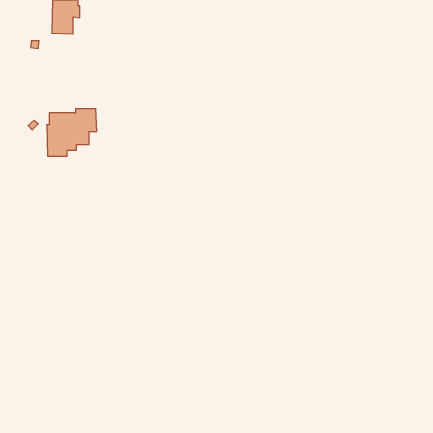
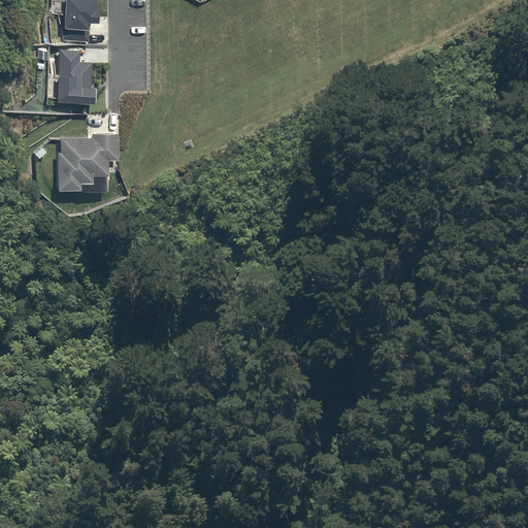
building: none -> [56,50,94,103]

